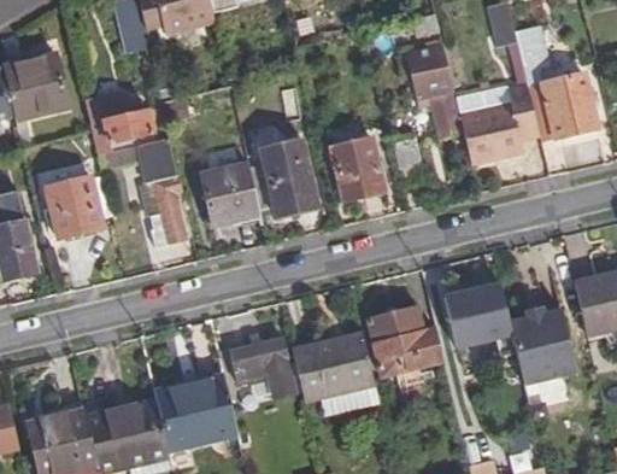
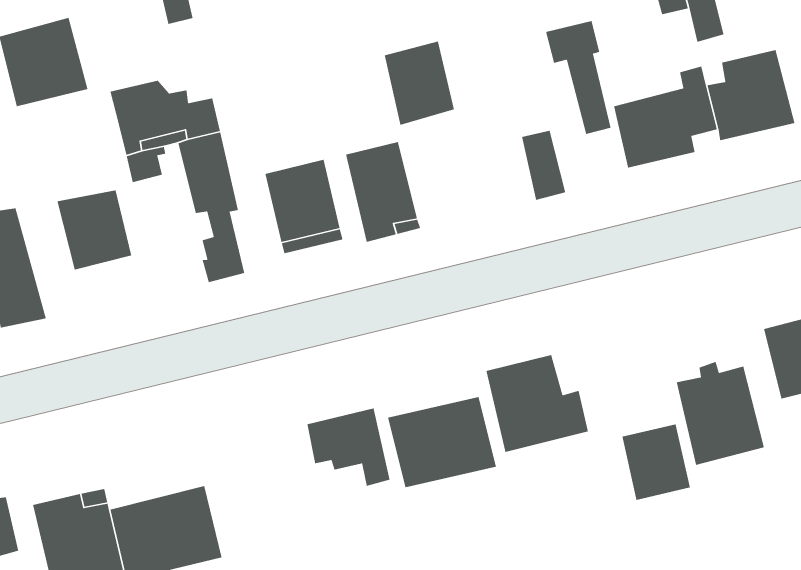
building: [331,139,384,203] -> [384,40,455,126]
building: [446,288,498,346] -> [621,423,691,501]
building: [157,380,240,453] -> none

